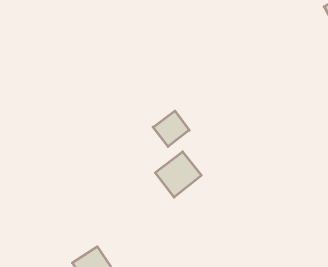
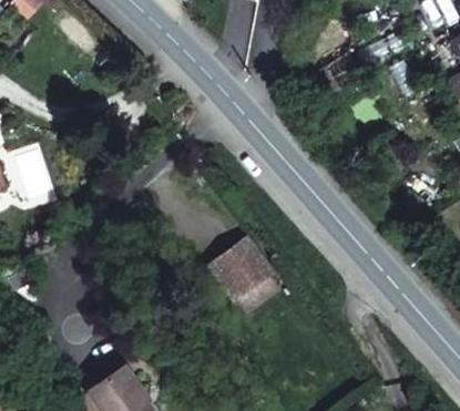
building: [153,111,189,147] -> none

